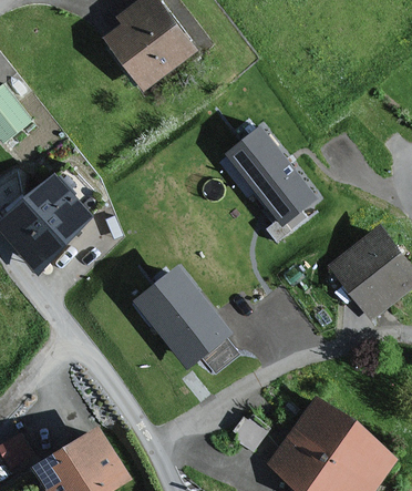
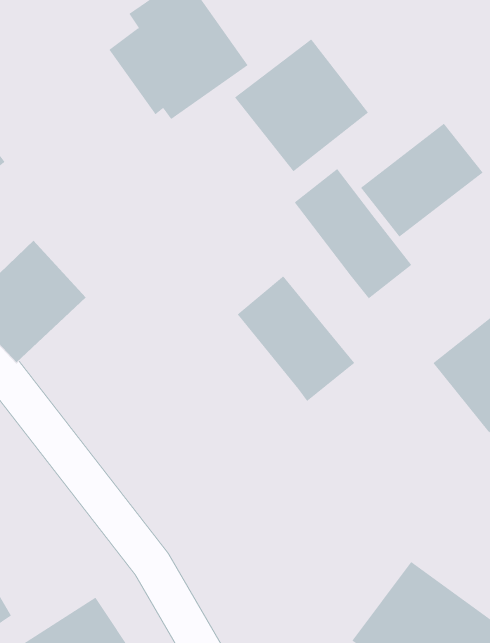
building: none -> [234,38,369,172]
building: none -> [360,123,483,238]
building: [142,268,226,358] -> [237,275,355,402]

